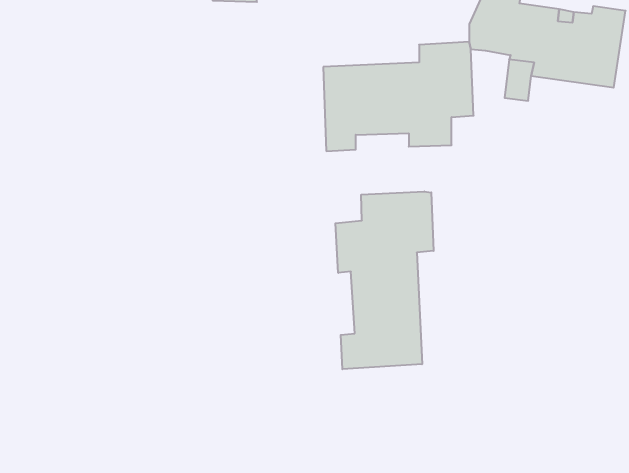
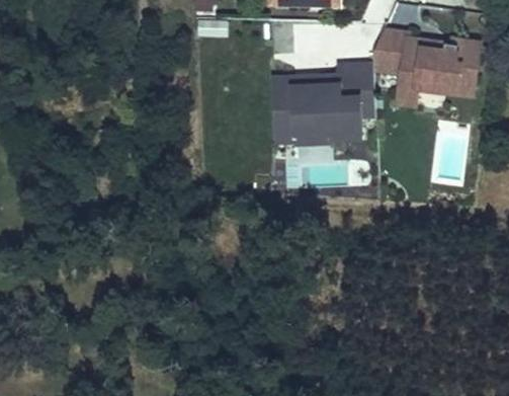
building: [335,191,434,369] -> none

